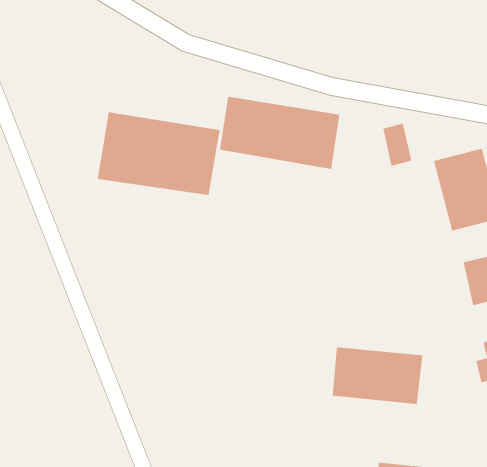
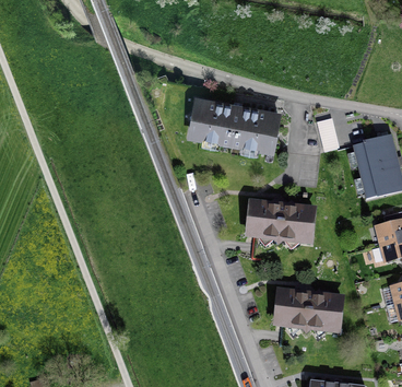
building: [97,111,220,196] -> none
building: none -> [245,201,317,245]

